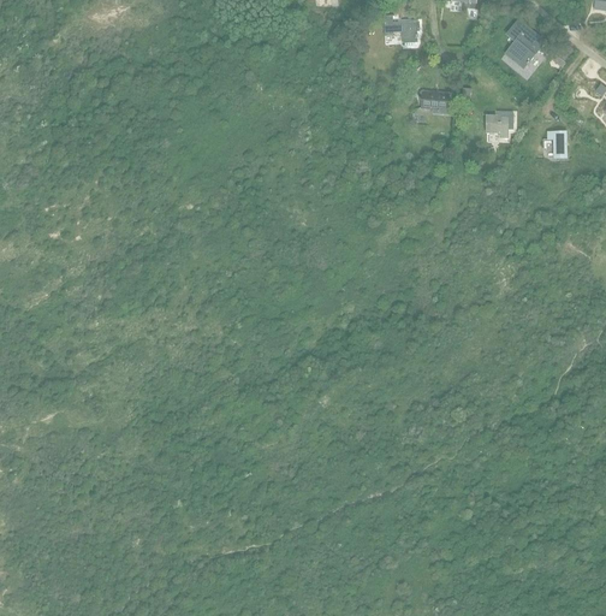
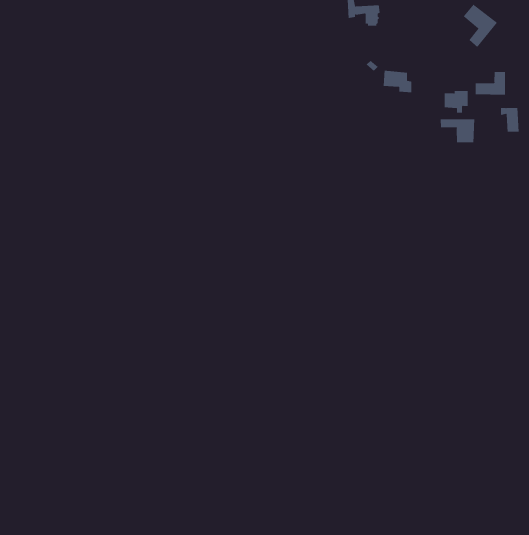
building: none -> [475,71,506,95]
building: none -> [440,118,475,143]

